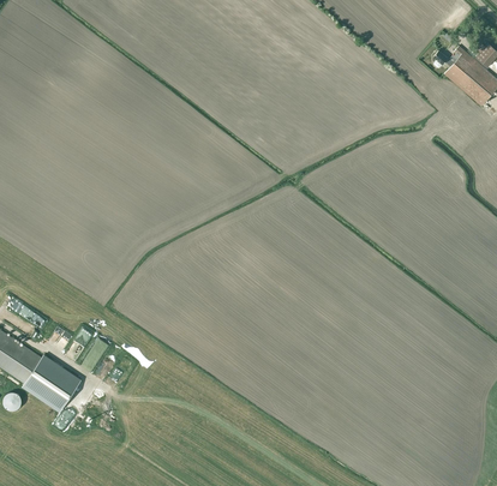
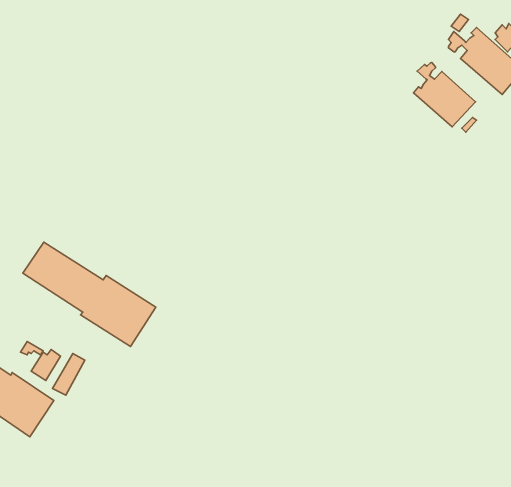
building: none -> [414,63,475,127]
building: none -> [23,242,156,346]

